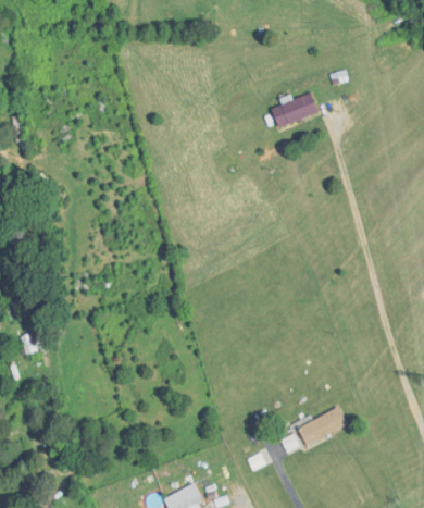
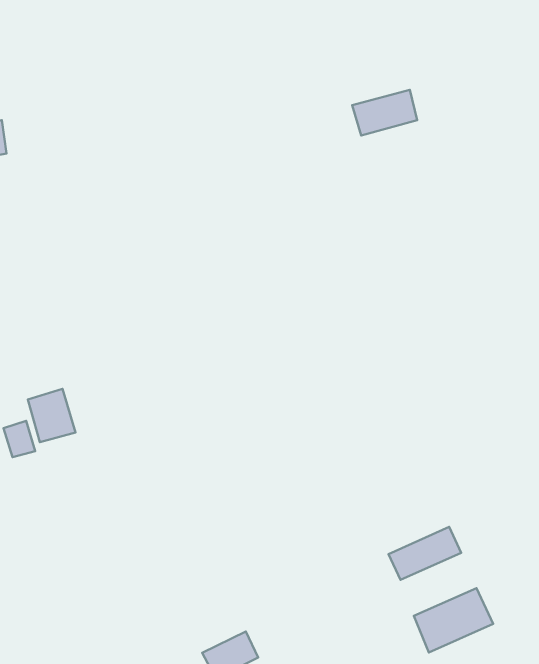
building: none -> [28,389,76,442]
building: none -> [414,588,493,653]

